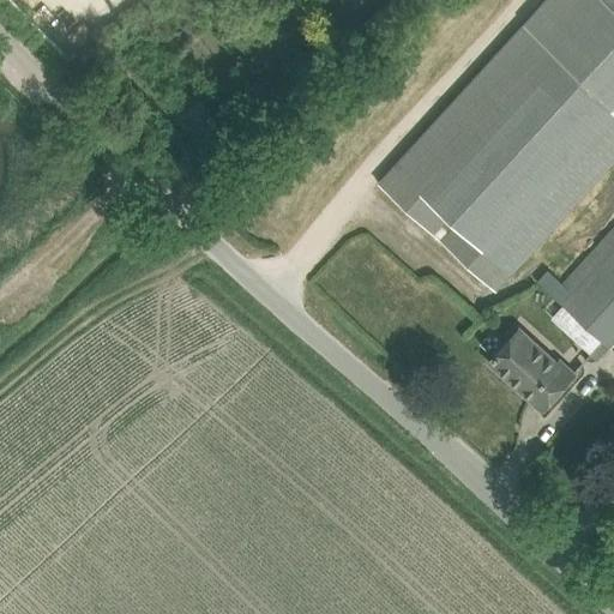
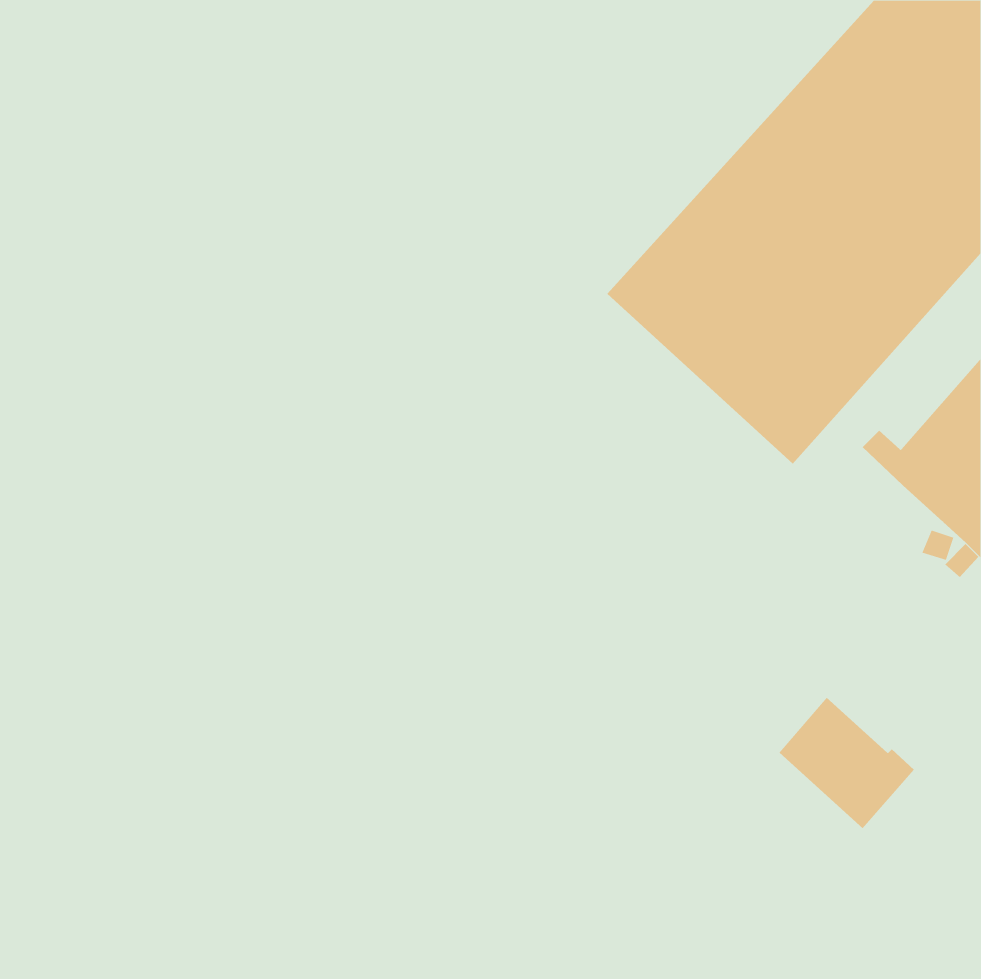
building: [489,329,574,411] -> [779,697,915,829]

